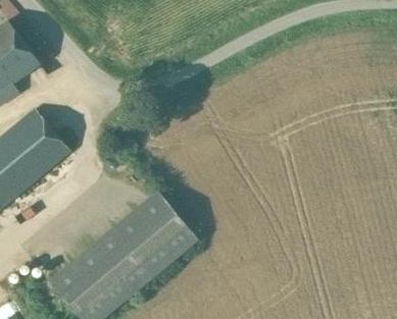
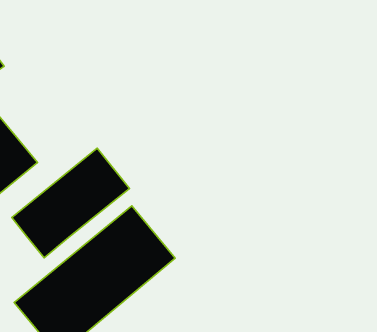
building: none -> [12,148,129,258]

